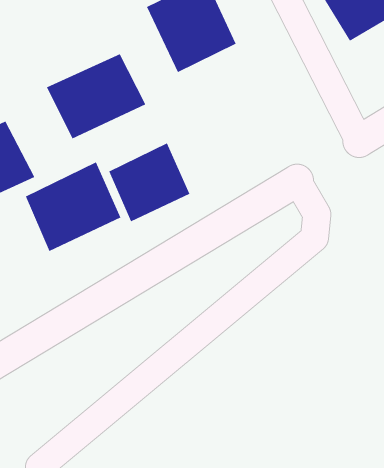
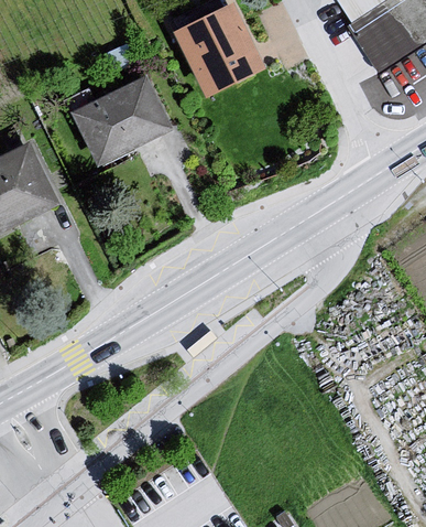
building: [108,143,190,222] -> none
building: [25,162,121,252] -> none

